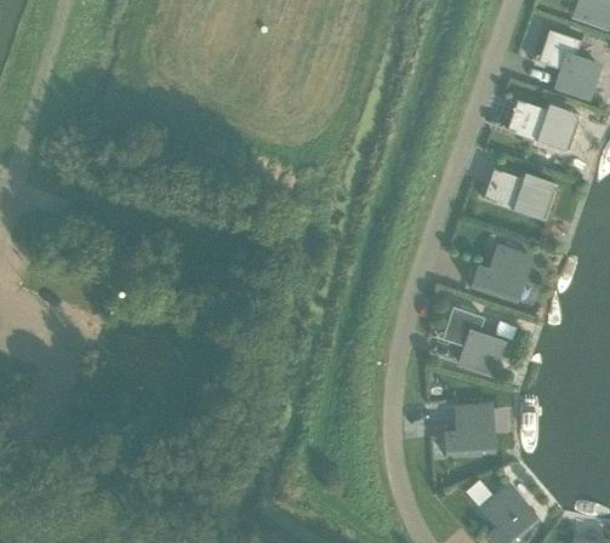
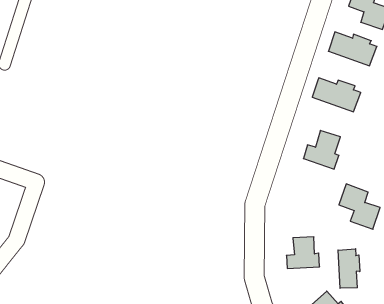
building: [441,305,503,373] -> [339,184,380,229]
building: none -> [338,249,360,288]

